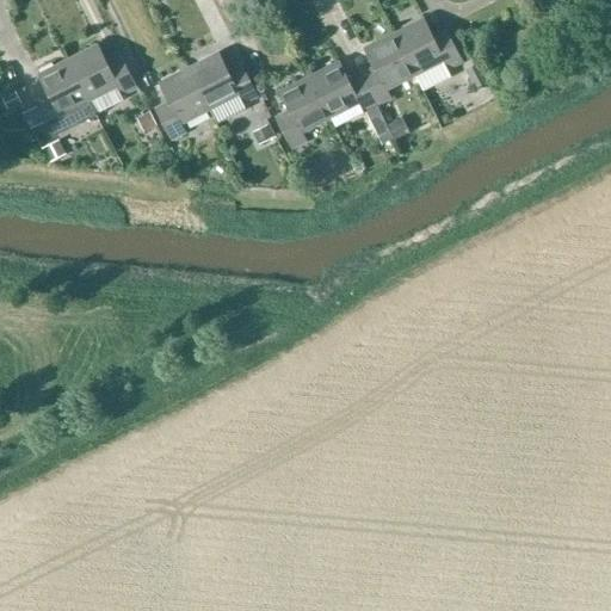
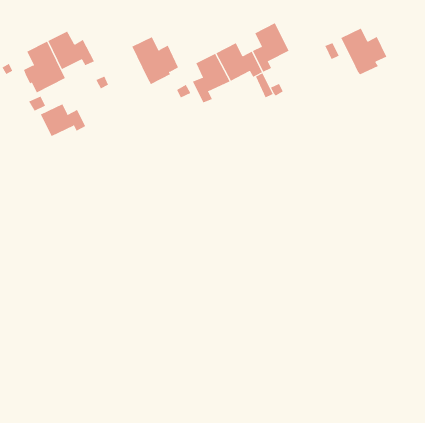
building: [395,18,462,86] -> [340,28,387,75]
building: [156,67,210,140] -> none
building: none -> [40,103,86,137]

